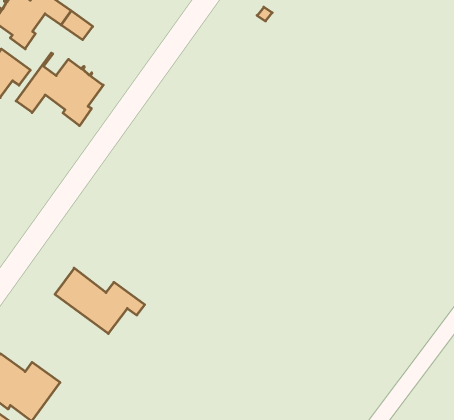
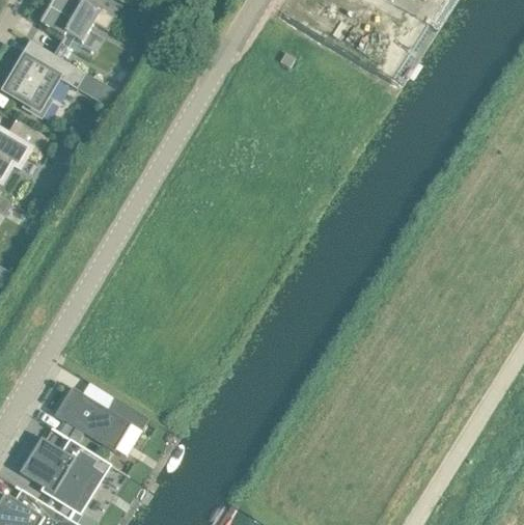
building: [16,53,103,126] -> none
building: [55,268,145,334] -> [53,387,147,452]

